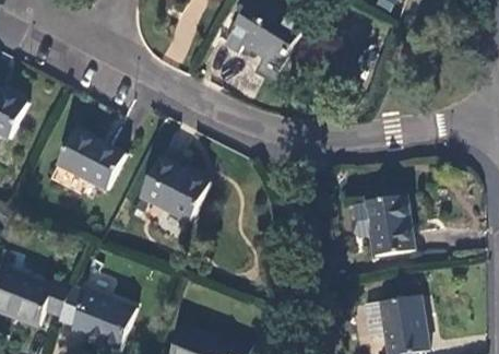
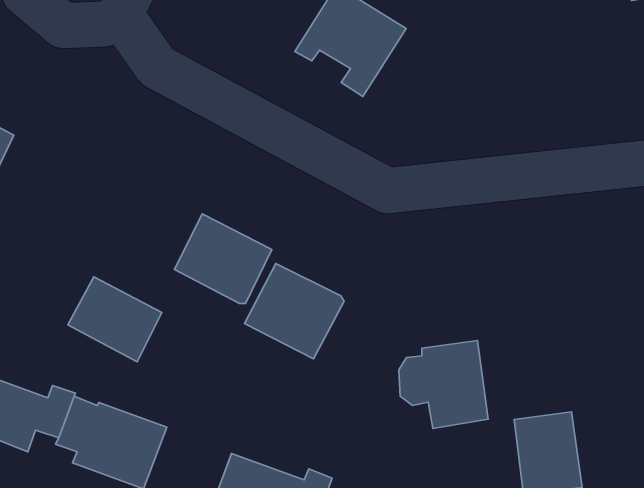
building: [56,129,122,189] -> [68,277,162,362]
building: none -> [245,264,344,359]
building: [349,194,413,257] -> [399,340,488,429]

